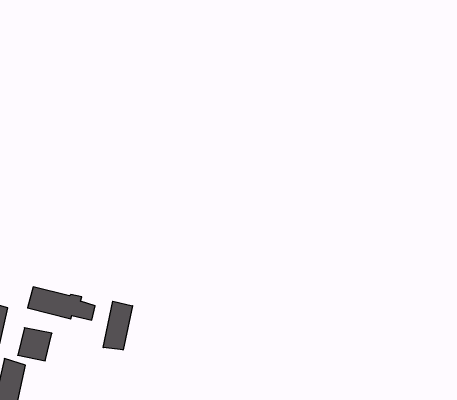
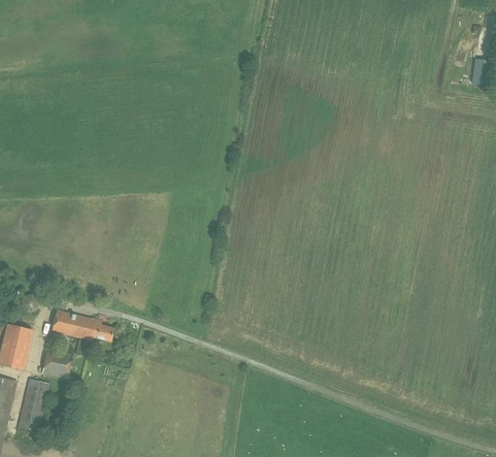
building: [103,301,133,350] -> none

